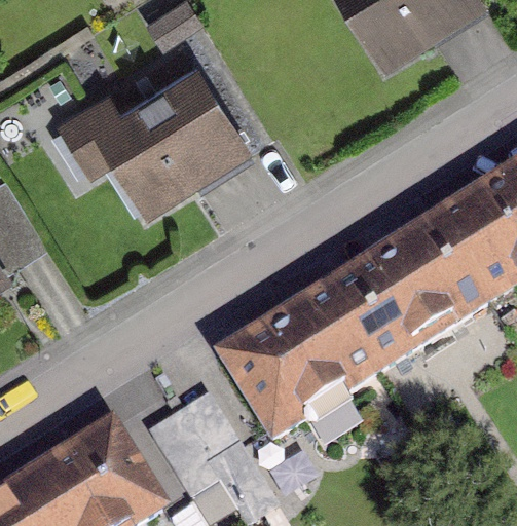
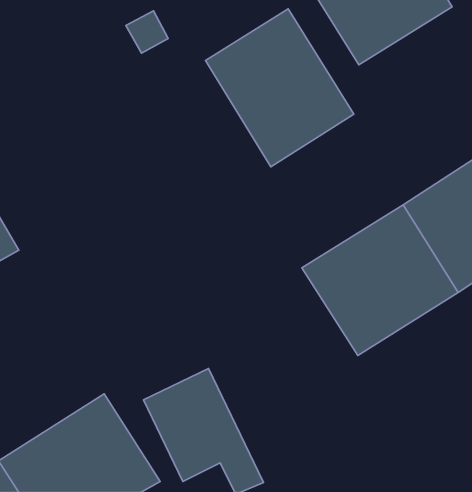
building: none -> [205,9,354,167]
building: [87,76,239,223] -> none
building: [214,280,379,440] -> none

